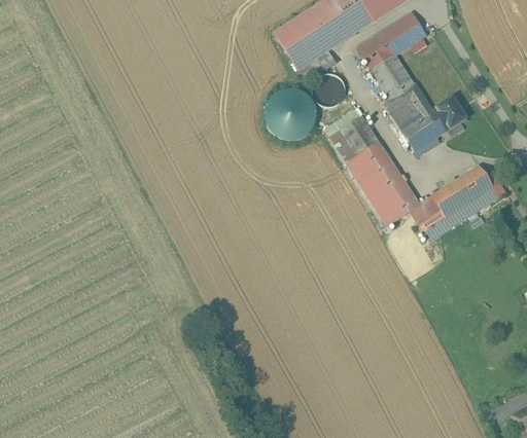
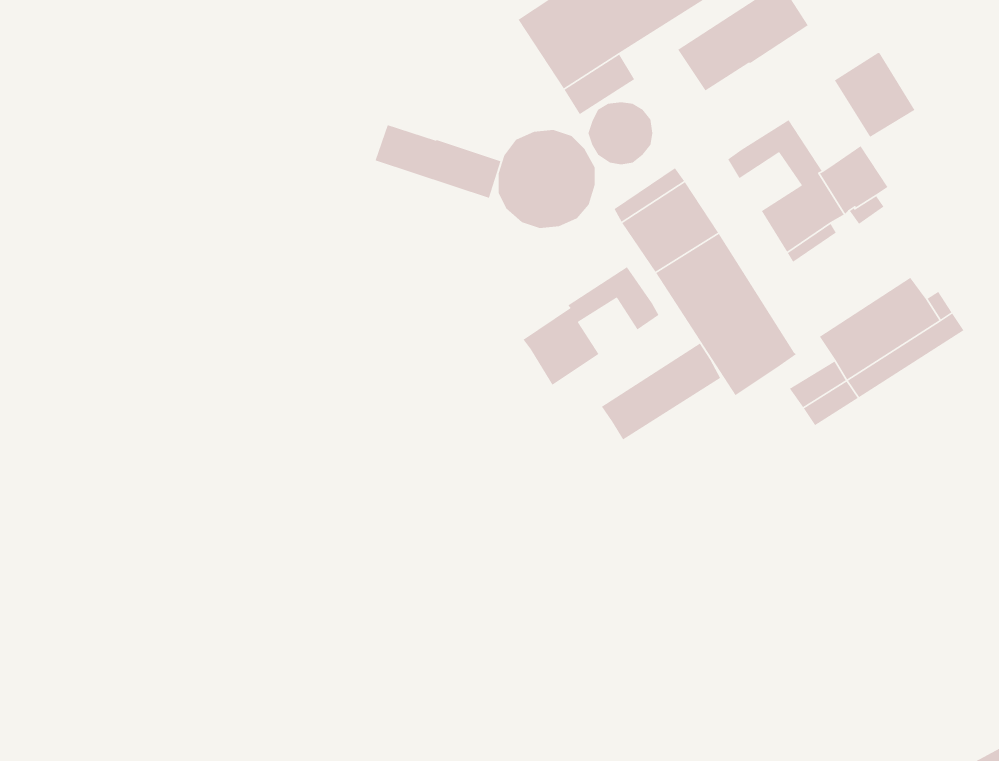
building: [372,53,414,98] -> [834,52,916,138]
building: none -> [375,124,502,199]
building: [389,100,421,130] -> none
building: none -> [522,266,659,386]
building: [409,194,438,221] -> none
building: none -> [601,342,721,441]

